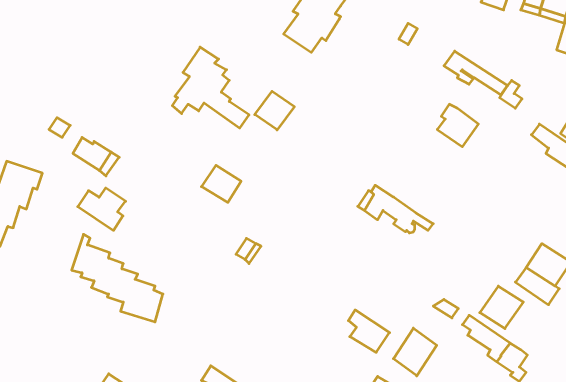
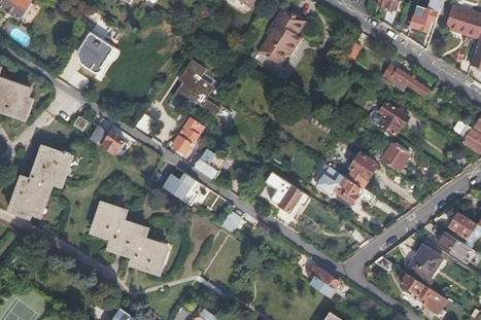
building: none -> [79,34,116,75]
building: [255,91,294,130] -> none
building: none -> [173,117,204,151]
building: none -> [381,144,410,173]
building: none -> [343,153,376,188]
building: [78,188,126,230] -> [163,173,200,206]
building: none -> [270,178,304,211]
building: [393,328,437,376] -> none

